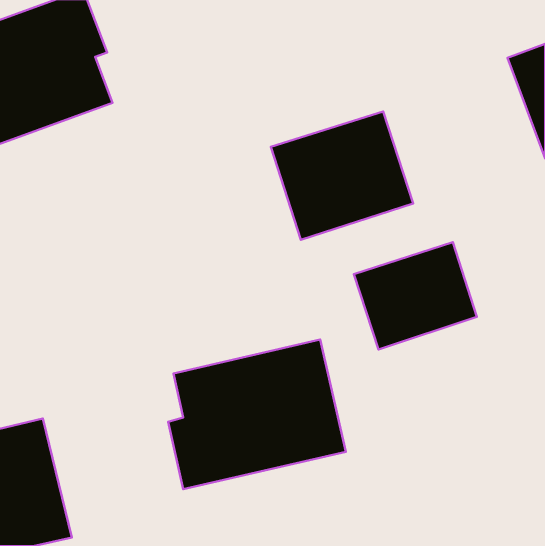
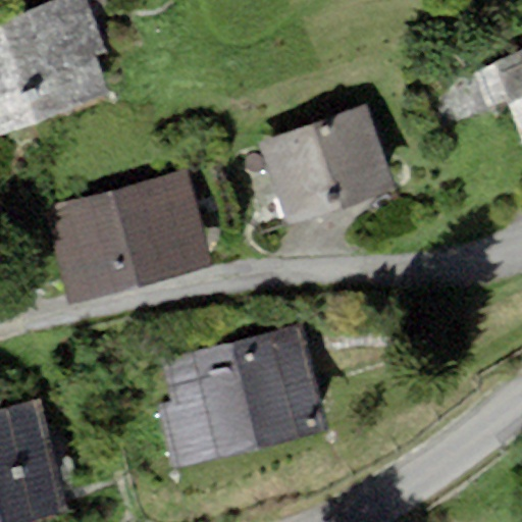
building: none -> [43,170,213,304]
building: [354,242,477,350] -> none

